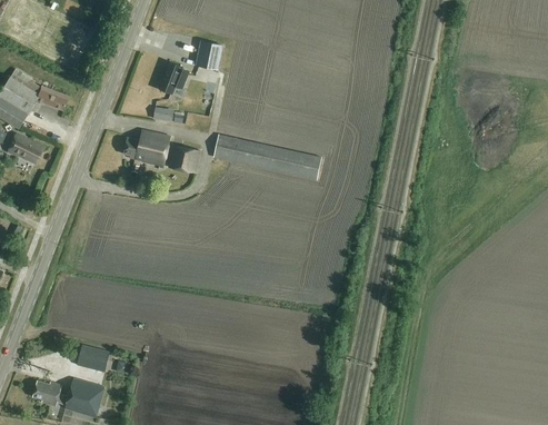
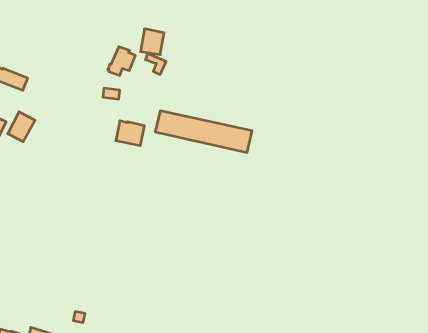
building: [123,130,170,166] -> none
building: none -> [8,112,35,142]
building: [77,345,109,373] -> none

